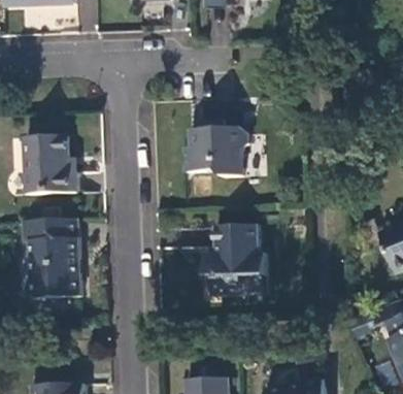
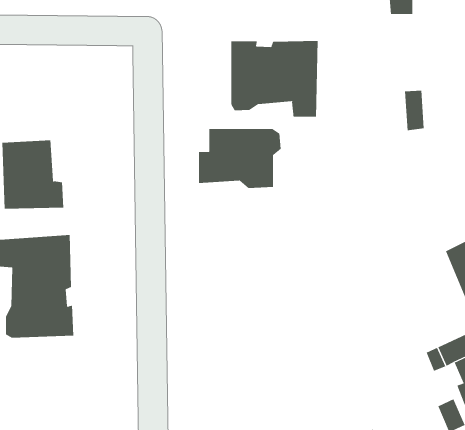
building: none -> [231,40,318,118]
building: [203,227,263,294] -> none

